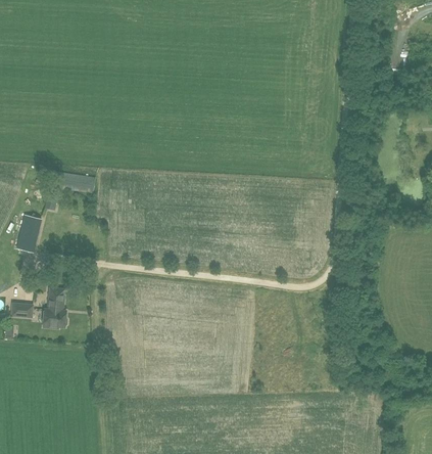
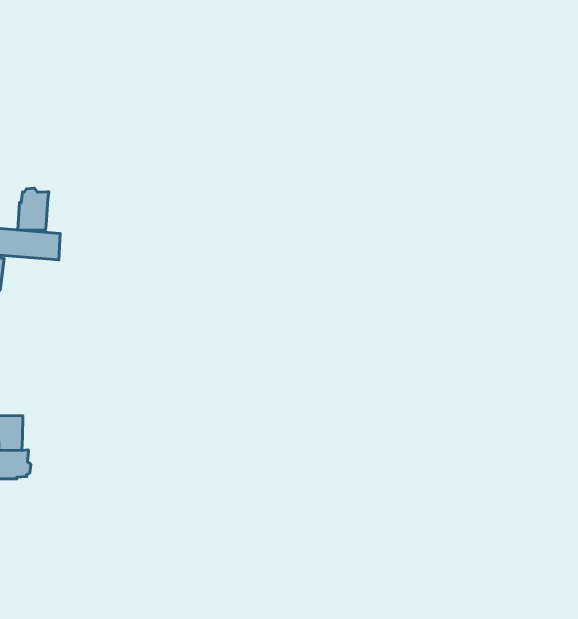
building: none -> [18,188,49,230]

